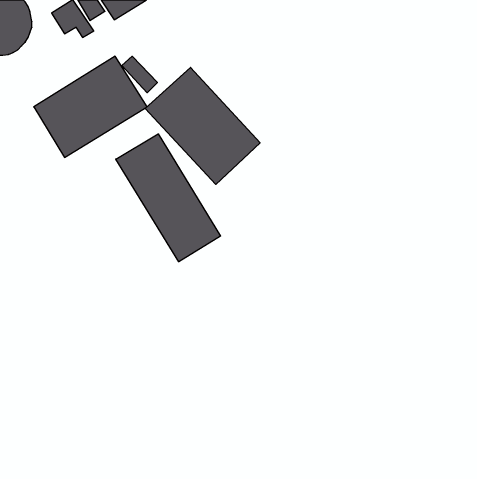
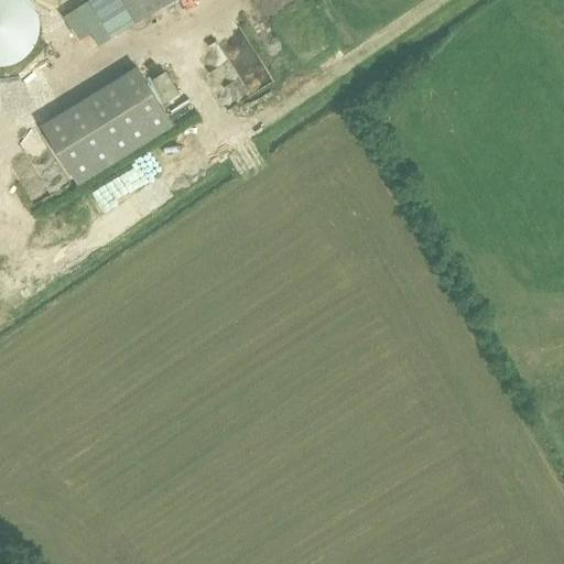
building: [145,67,260,184] -> none
building: [116,134,221,262] -> none

